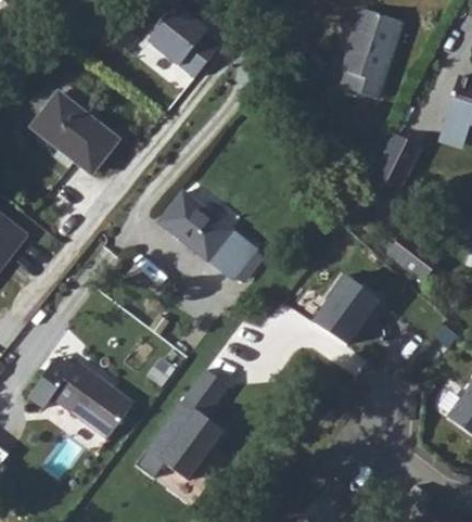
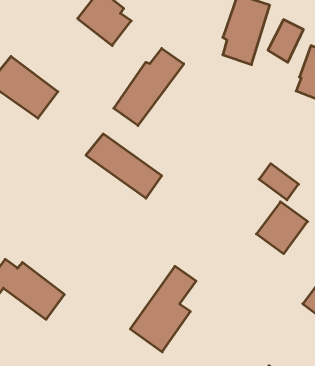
building: none -> [114,48,184,126]
building: [373,136,420,192] -> [268,20,303,62]
building: [310,276,378,344] -> [256,202,308,254]
building: [145,369,232,482] -> [130,266,196,352]

